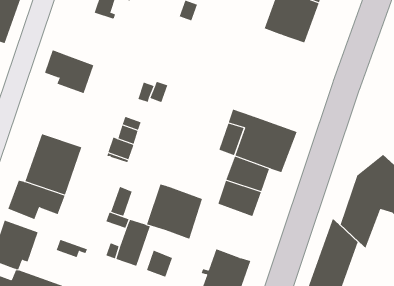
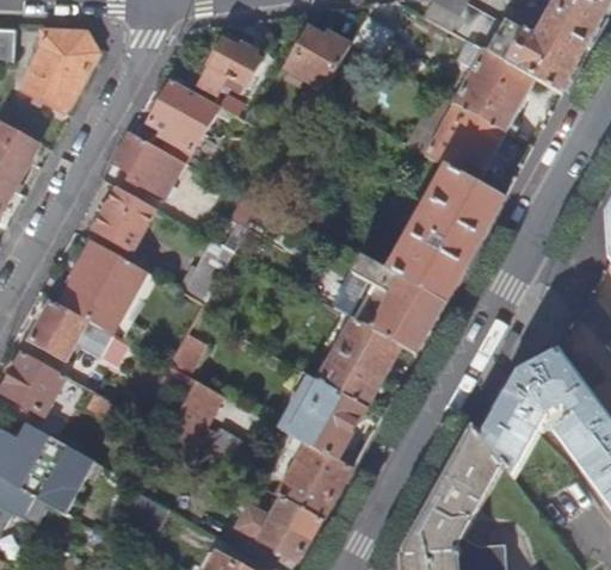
building: none -> [148,78,218,163]
building: none -> [387,166,501,302]
building: none -> [94,187,154,250]
building: [146,184,203,240] -> [279,377,363,460]

